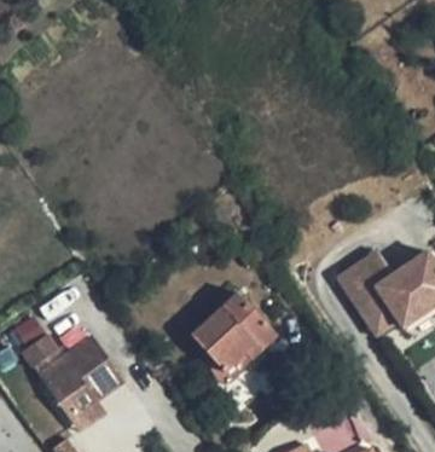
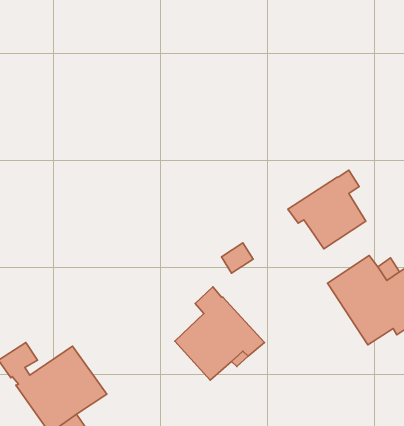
building: none -> [288,170,366,249]

